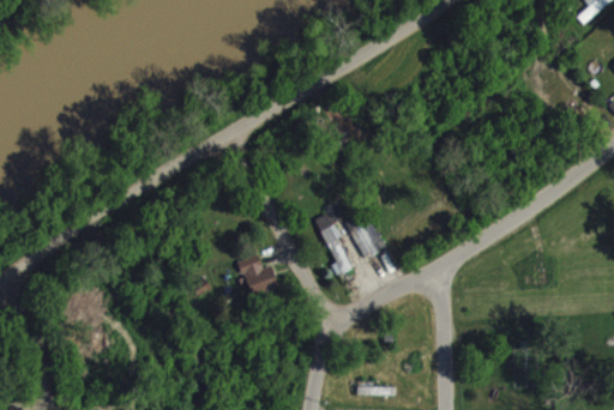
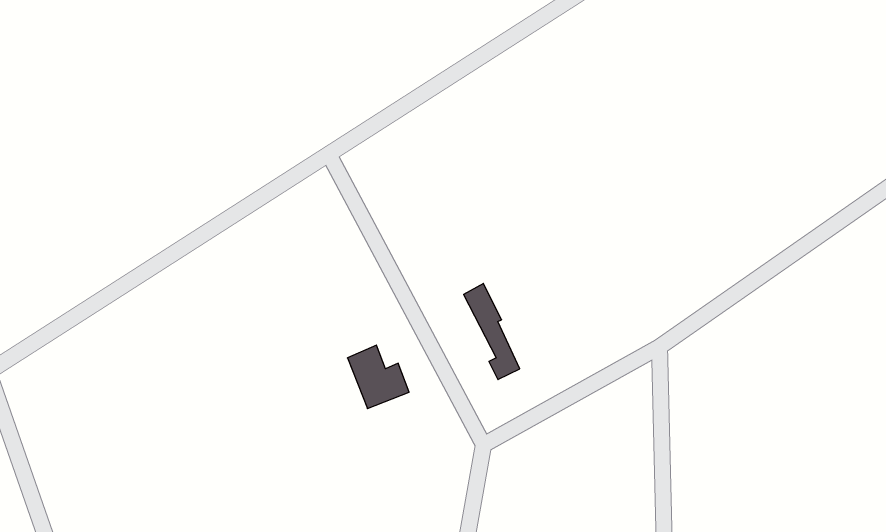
building: [350,217,384,257] -> none

